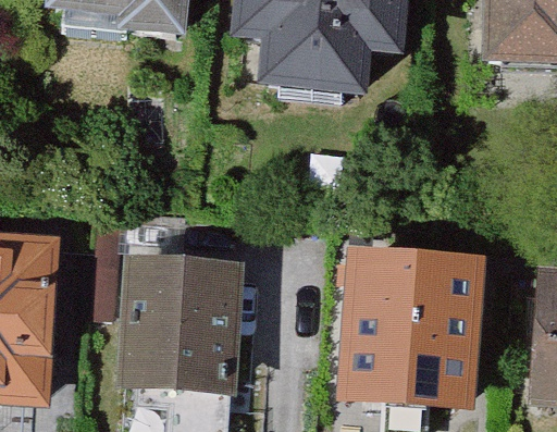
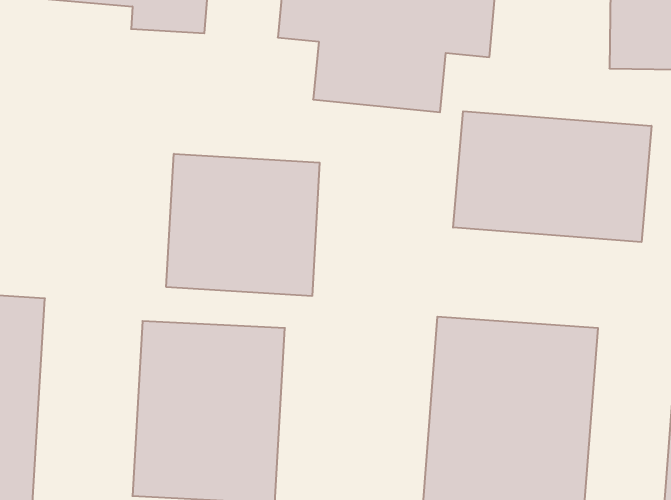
building: none -> [453,111,651,242]
building: none -> [166,154,320,296]

